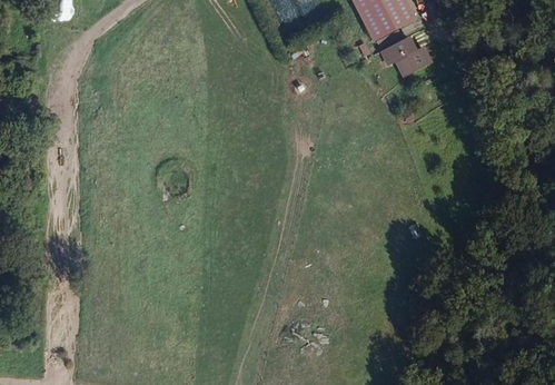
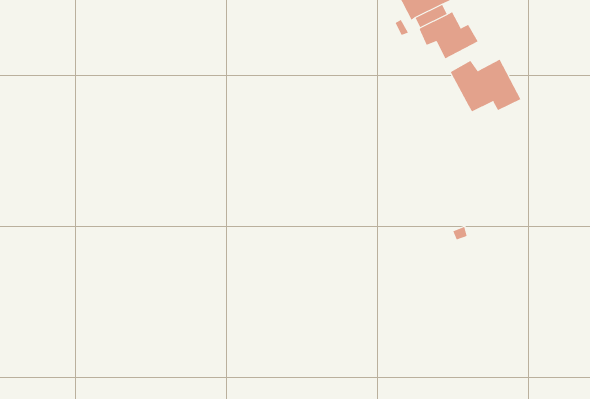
building: none -> [451,59,521,112]

